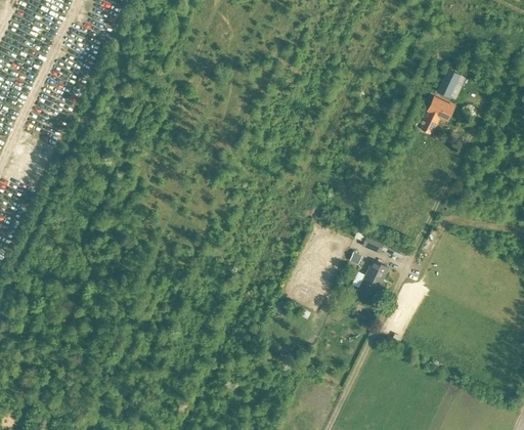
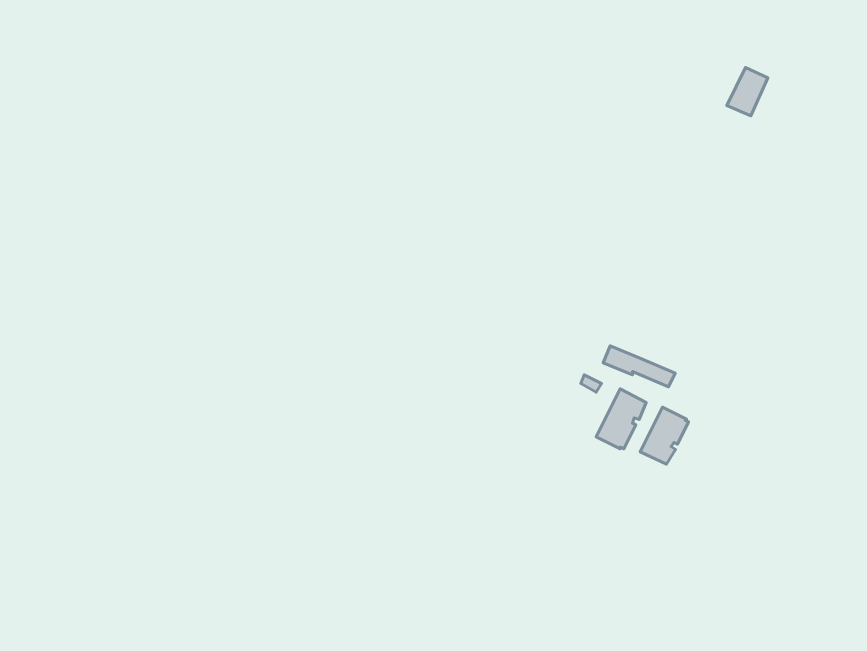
building: [422,98,453,133] -> none
building: none -> [640,407,689,464]

